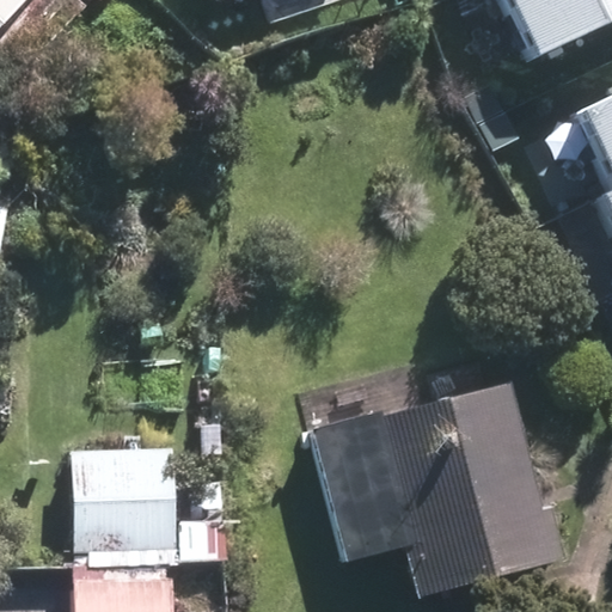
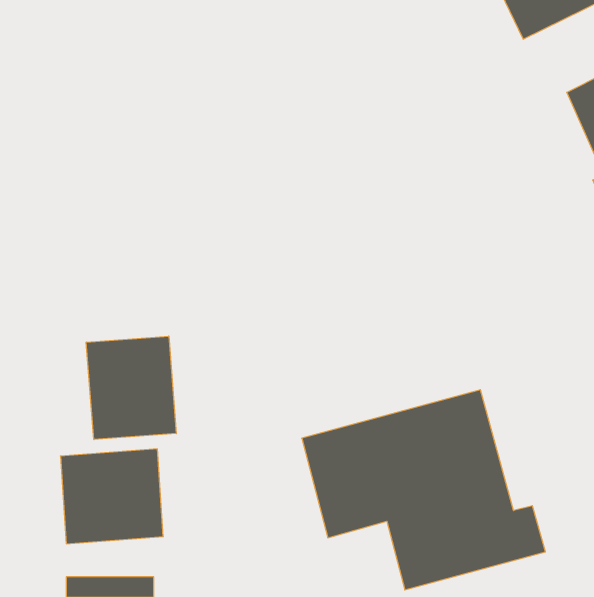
building: none -> [86,336,176,440]

